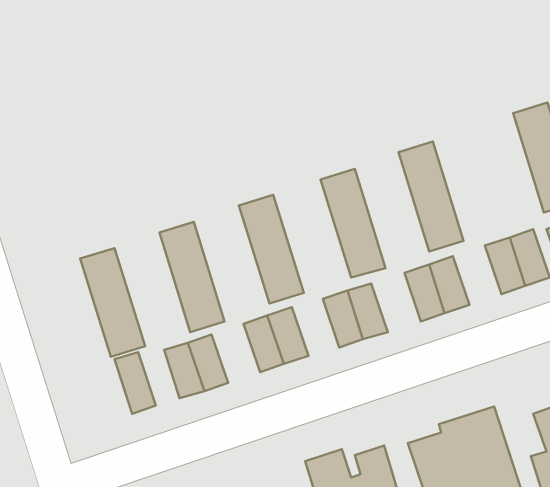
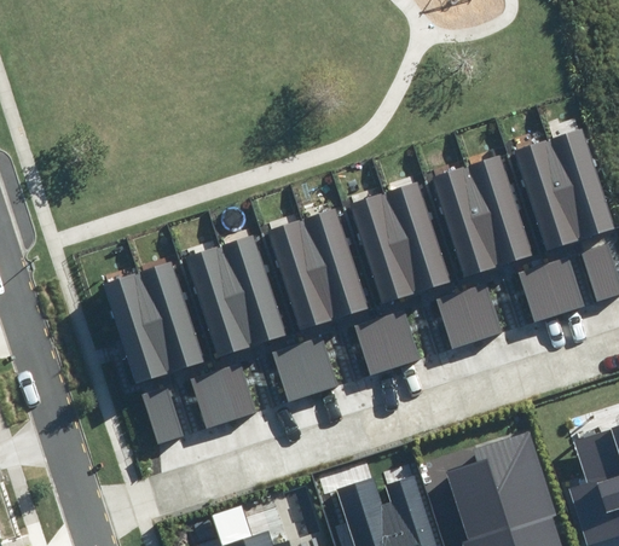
building: none -> [513,136,579,249]
building: none -> [465,155,532,267]
building: none -> [386,182,452,295]
building: none -> [302,209,369,320]
building: none -> [221,237,288,349]
building: none -> [140,263,207,374]

